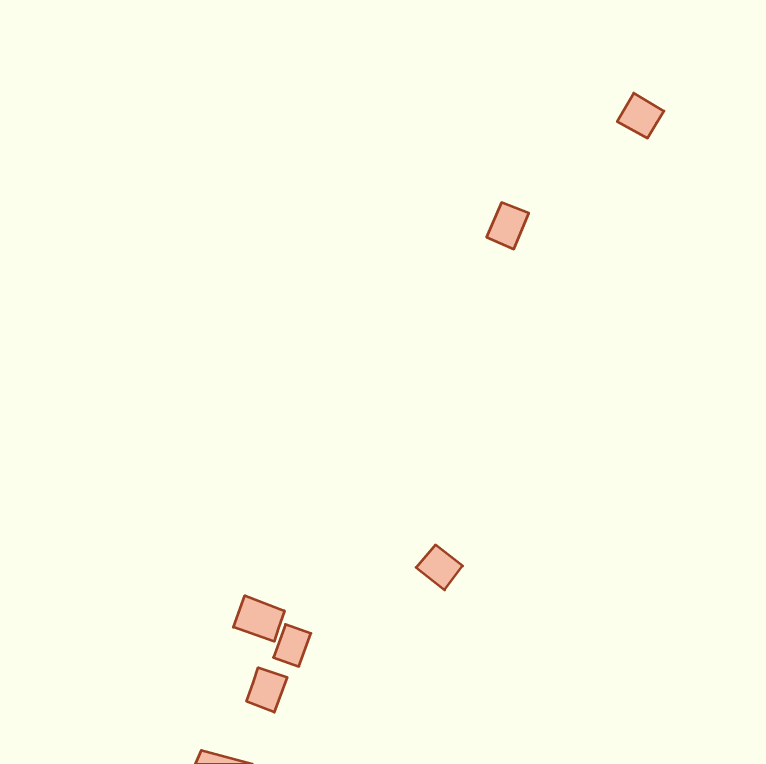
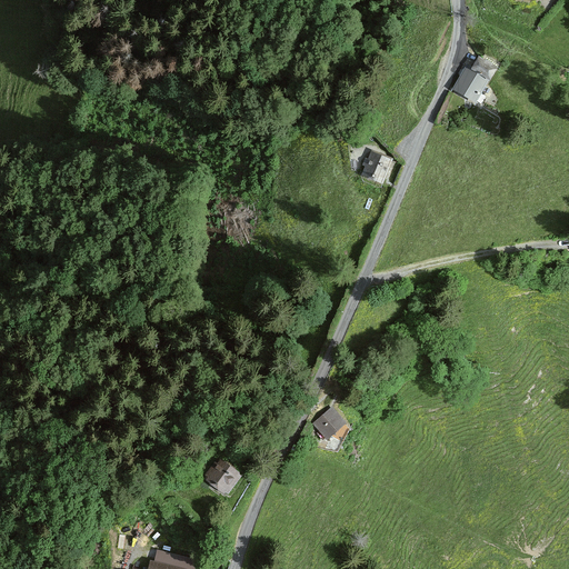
building: [233,596,284,641] -> none
building: [247,668,287,712] -> none

